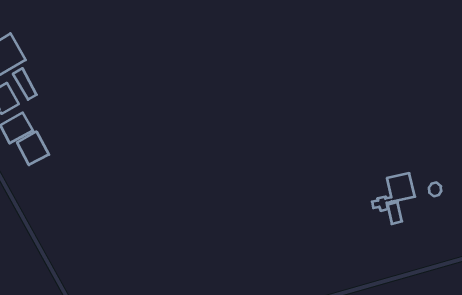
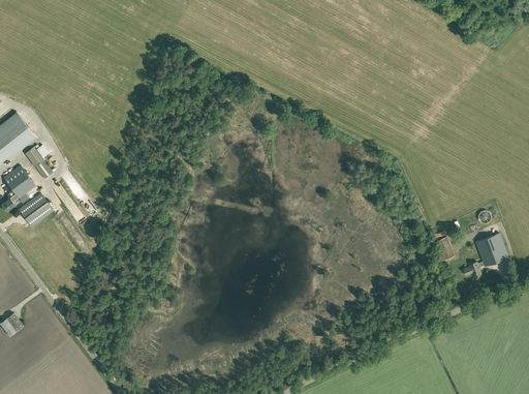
building: [17,132,49,165] -> none
building: [372,173,415,211] -> [463,234,507,277]

